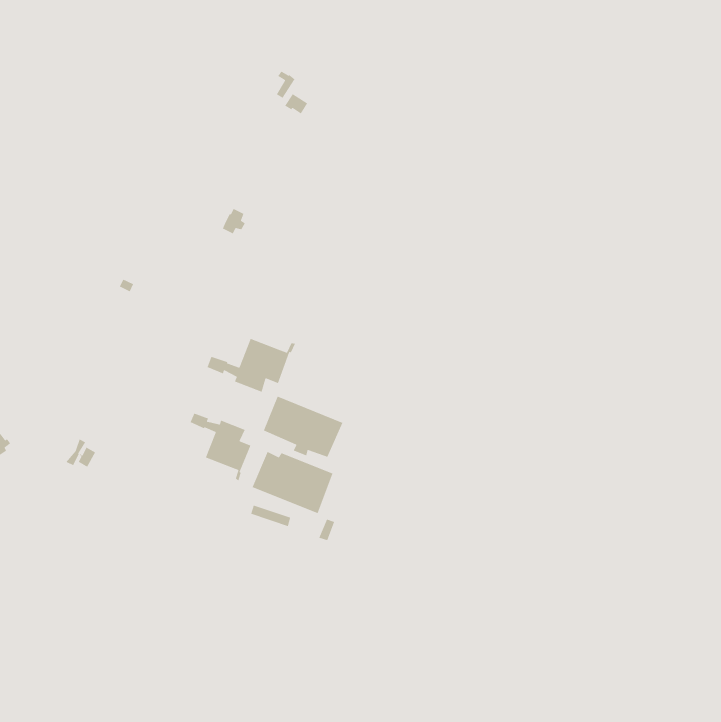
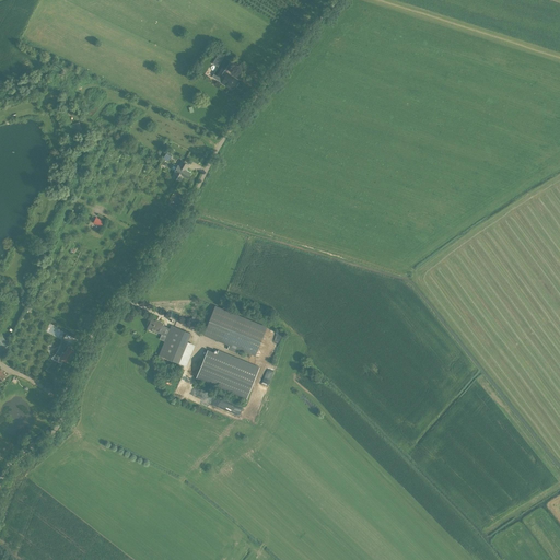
building: [207,338,296,393] -> none

